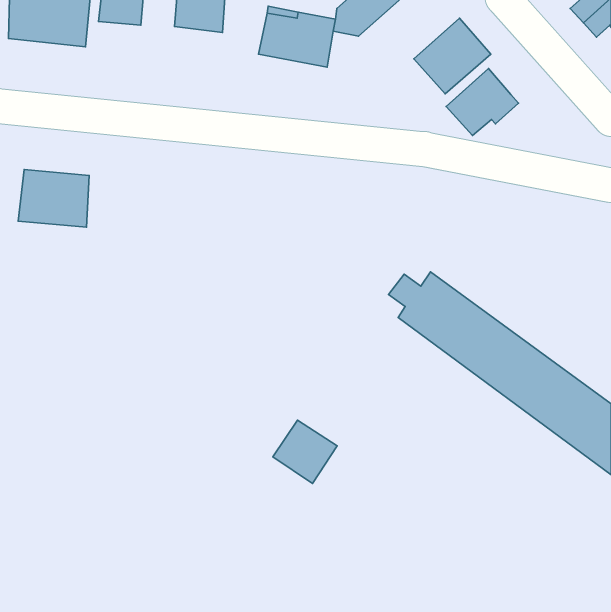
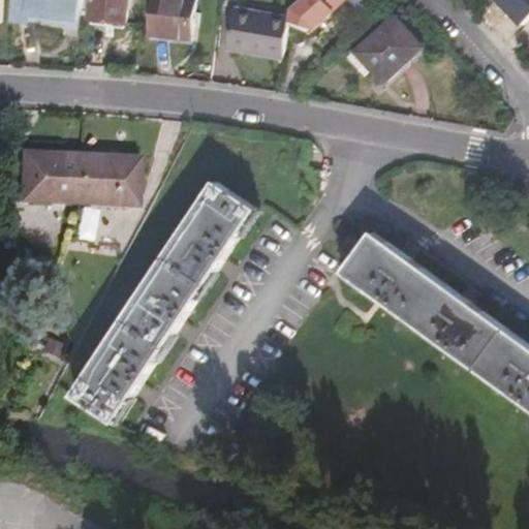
building: [446,69,519,135] -> none
building: none -> [74,151,136,200]
building: none -> [70,181,253,419]
building: [273,420,337,483] -> none

